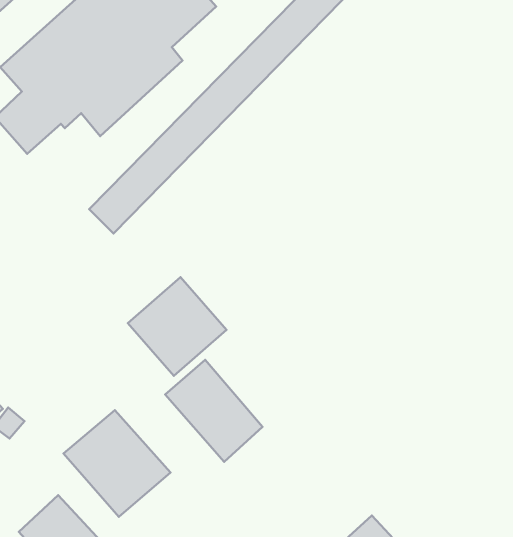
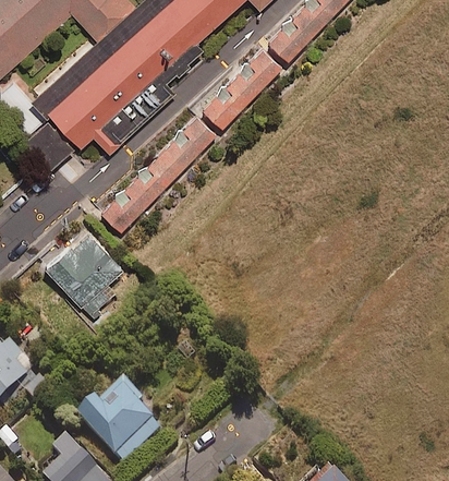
building: [128,277,227,376] -> [46,231,125,311]
building: [165,360,263,462] -> none

